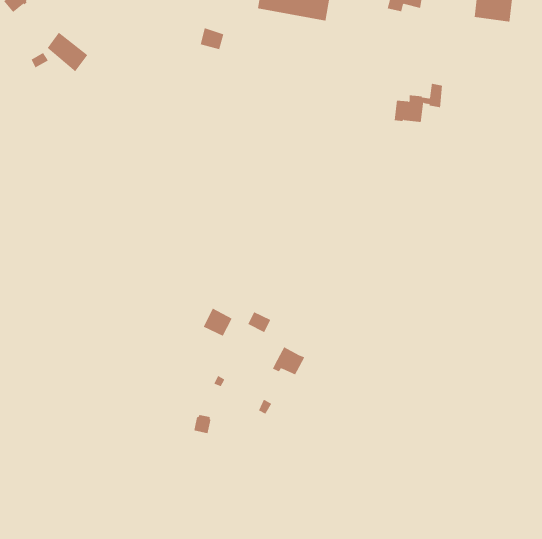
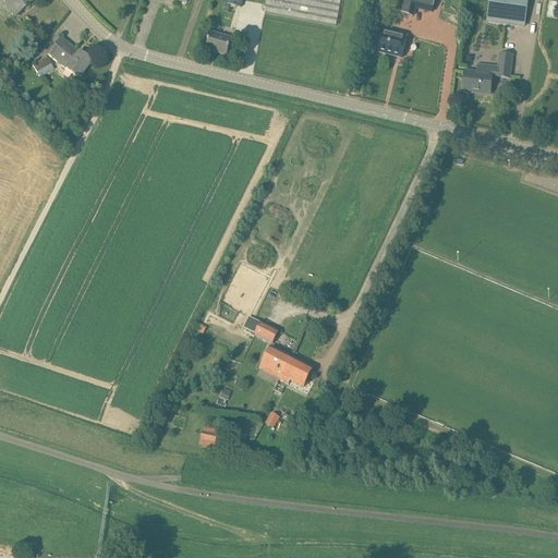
building: none -> [375,27,407,54]
building: [394,83,443,123] -> [461,50,511,90]
building: [203,308,233,336] -> [260,344,291,374]

